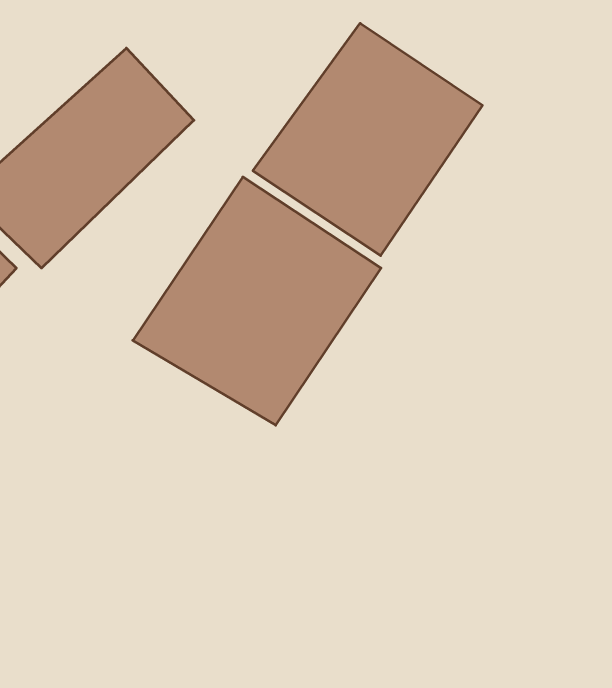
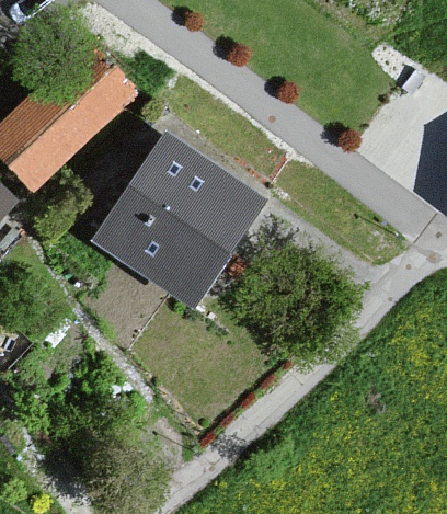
building: [253,23,482,256] -> none

